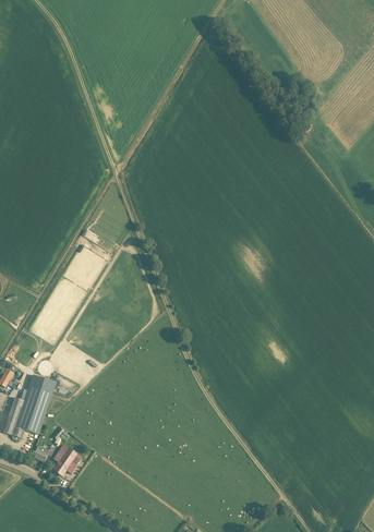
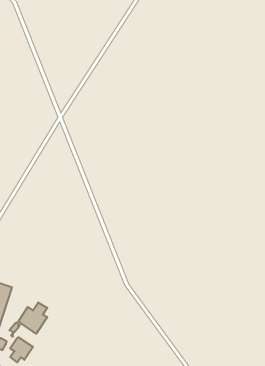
building: none -> [18,302,47,334]

